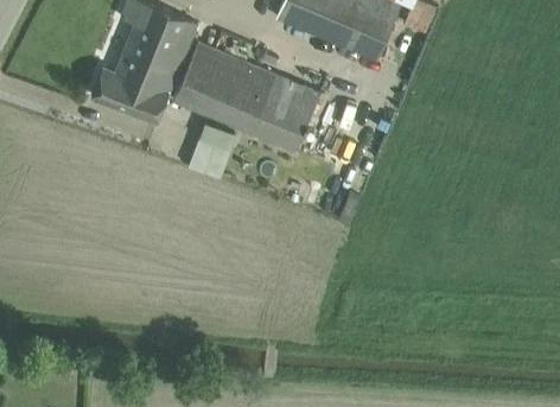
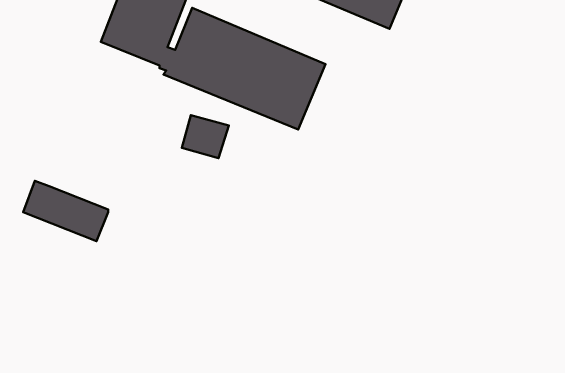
building: [90,65,167,120] -> [23,181,108,241]

